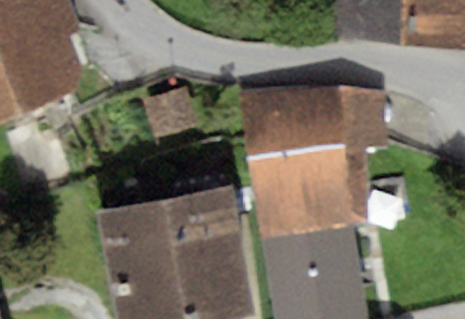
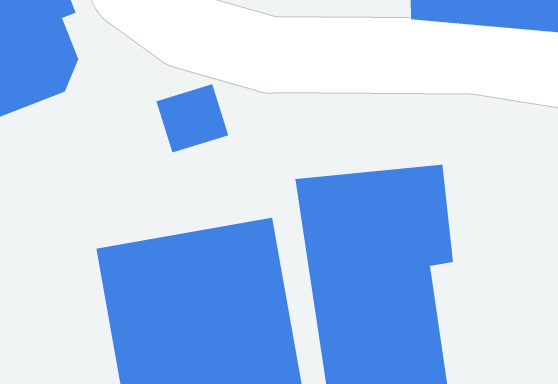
building: [238,86,390,160] -> none

